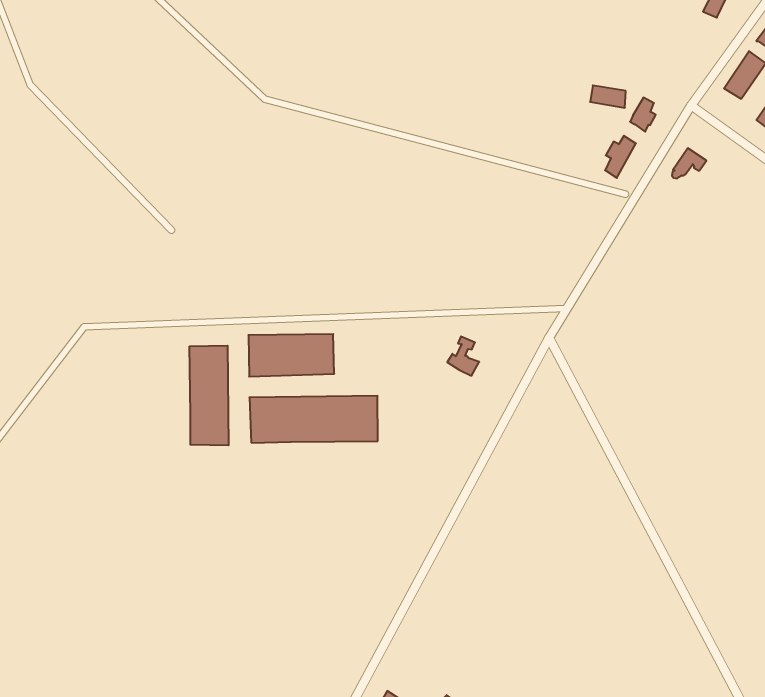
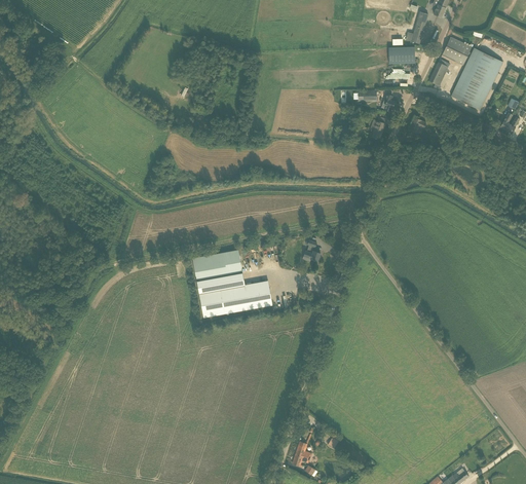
building: none -> [388,45,416,63]
building: [190,346,229,445] -> none

